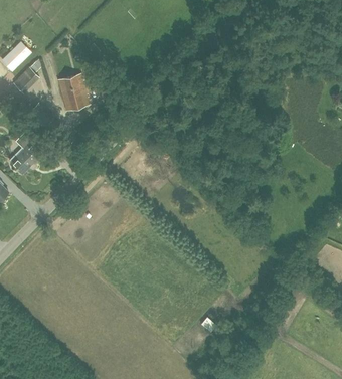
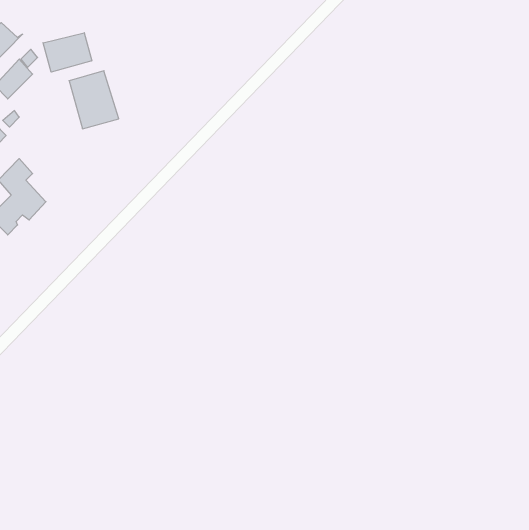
building: none -> [43,33,92,72]

